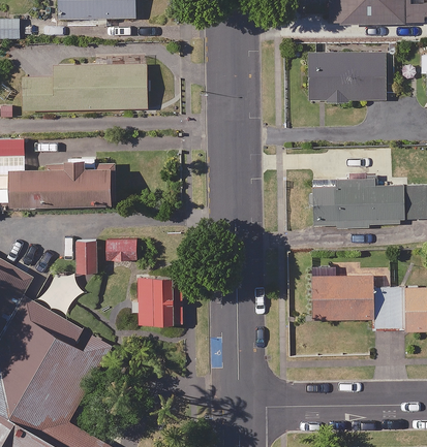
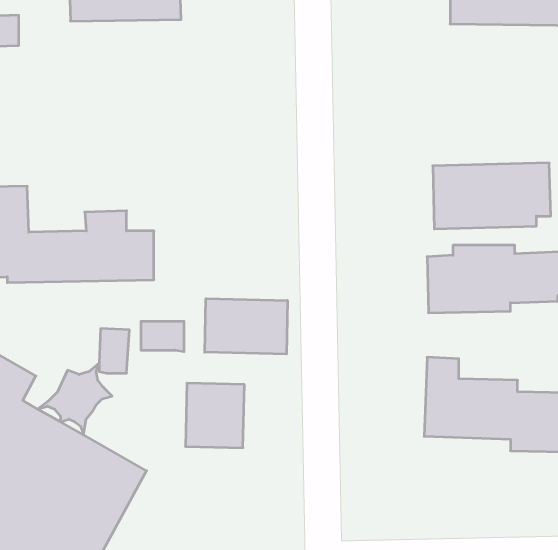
building: [308,54,393,101] -> [433,163,551,229]
building: [21,64,147,109] -> none
building: none -> [205,299,287,354]

